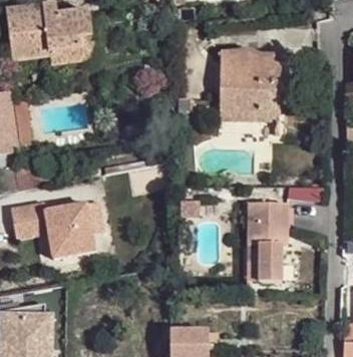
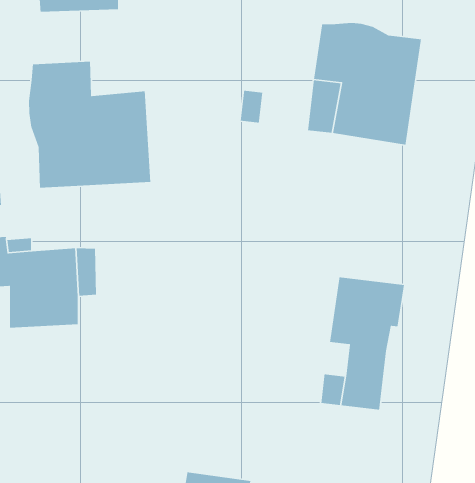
building: none -> [28,61,151,188]

